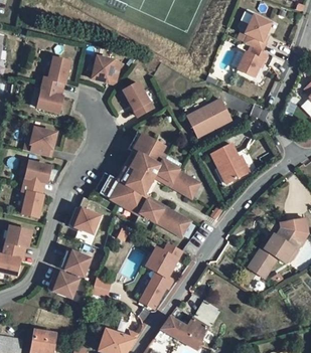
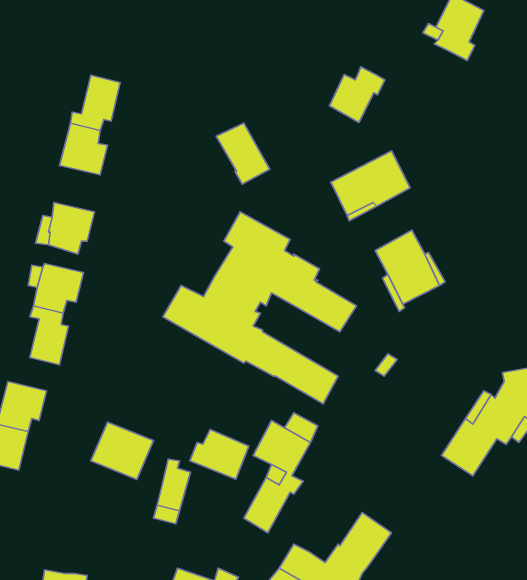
building: [238,47,268,77] -> [329,67,385,122]
building: [96,59,123,84] -> none
building: [70,208,103,235] -> [190,429,249,479]
building: [52,270,82,298] -> none

